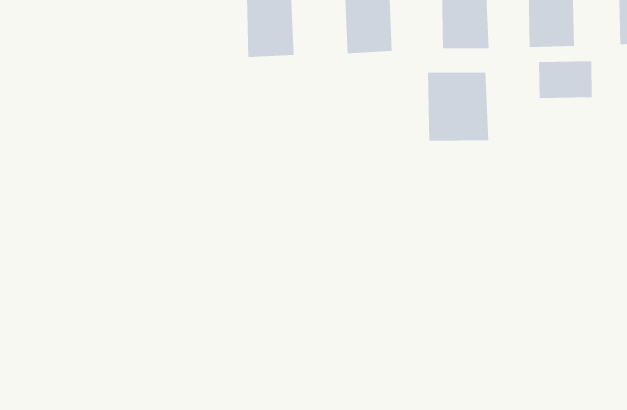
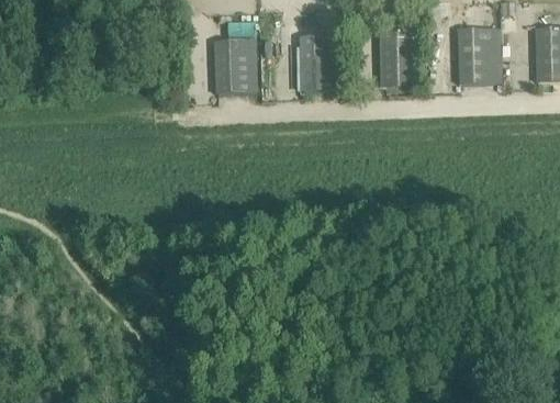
building: [539,60,592,99] -> none
building: [427,72,489,141] -> none

